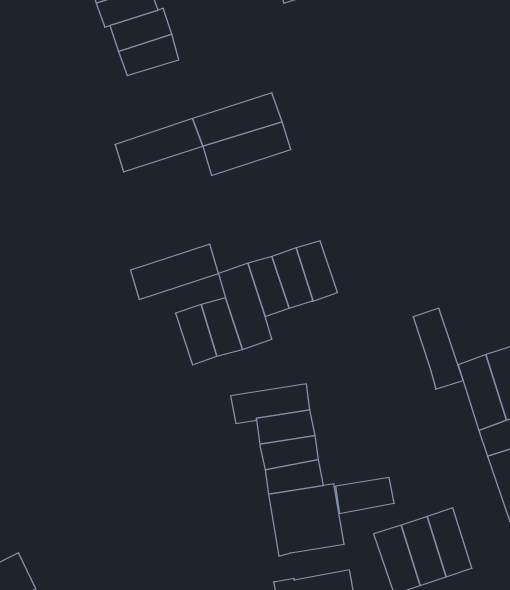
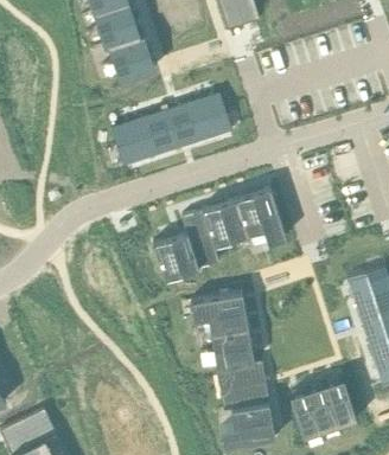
building: [131,244,218,299] -> [117,130,178,168]
building: [413,308,463,389] -> [253,190,287,245]
building: [336,477,394,514] -> [232,404,273,429]

